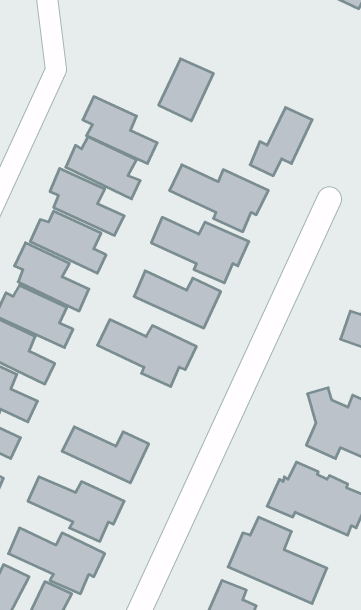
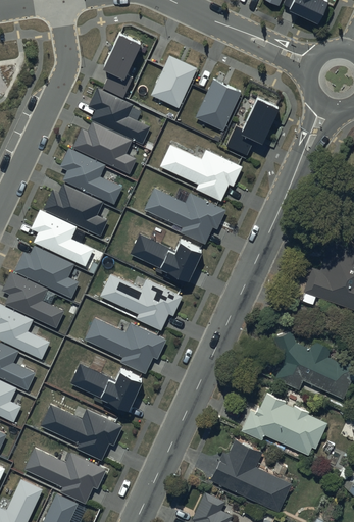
building: none -> [103,34,142,98]
building: none -> [195,79,241,132]
building: none -> [84,318,167,374]

